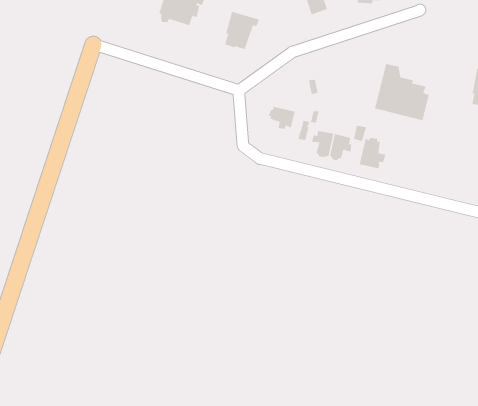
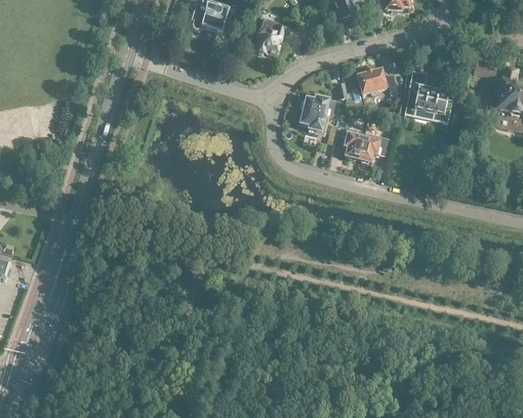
building: none -> [356,69,396,95]
building: none -> [300,93,328,115]
building: [359,137,386,169] -> none

